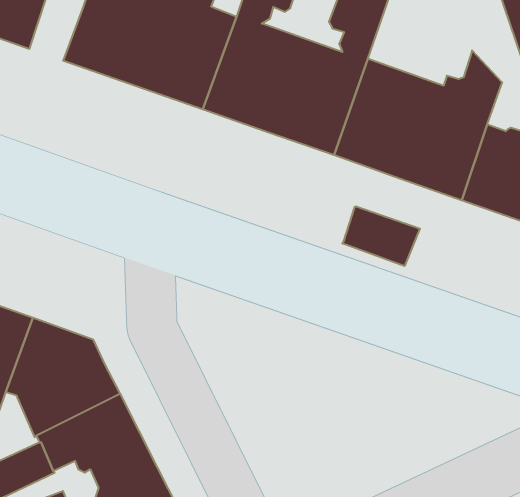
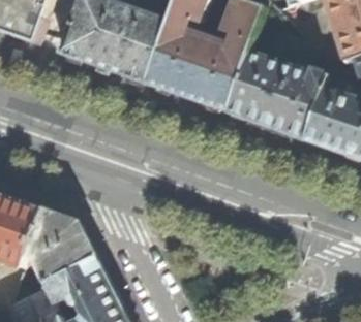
building: [342,206,420,266] -> none

